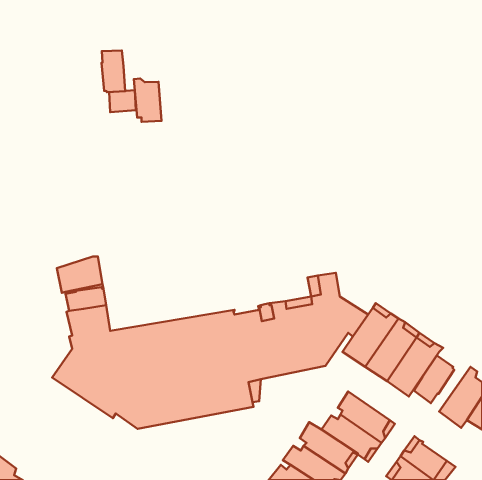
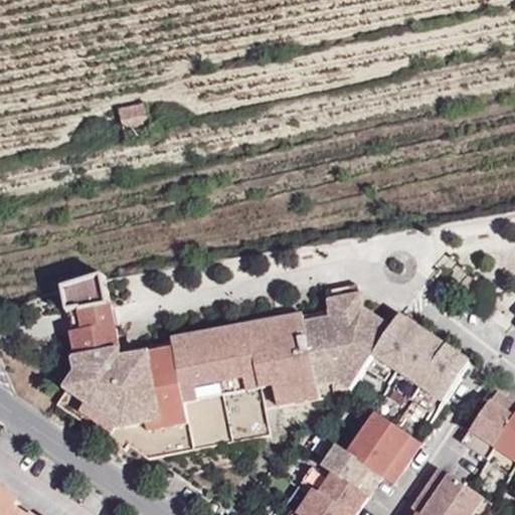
building: [102,51,125,92] -> none
building: [134,78,161,122] -> none
building: [414,356,454,403] -> none

